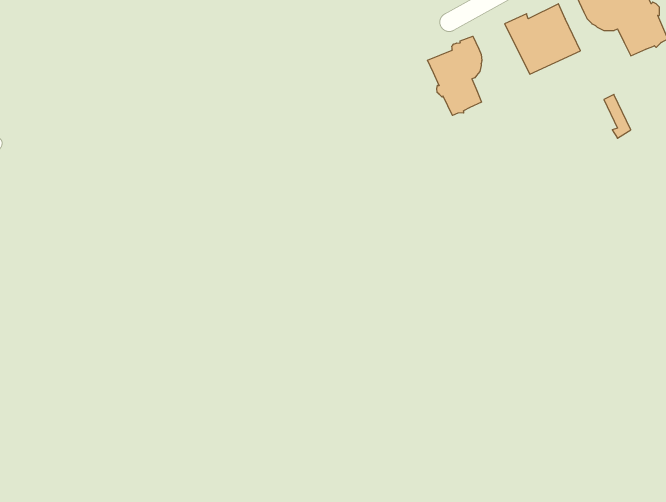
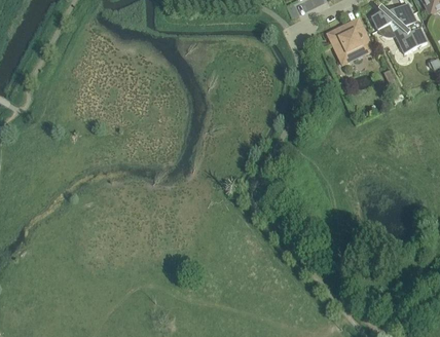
building: [428,36,482,115] -> none

